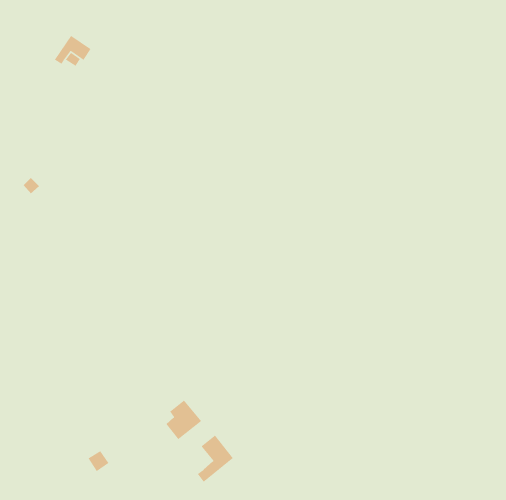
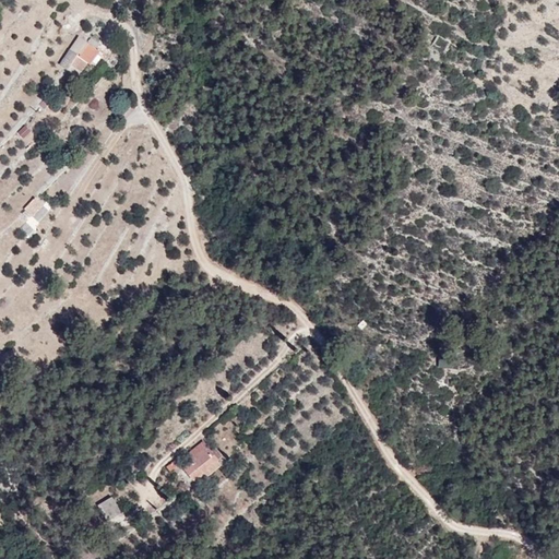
building: [197,435,234,483] -> none

